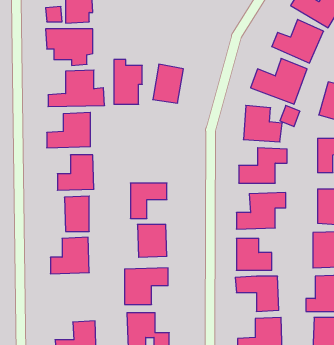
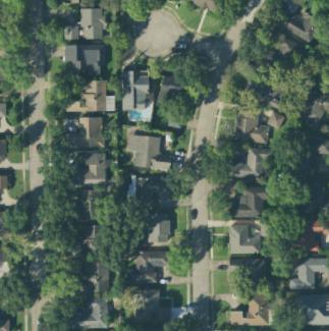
building: none -> [127,135,170,169]
building: none -> [83,262,109,292]

